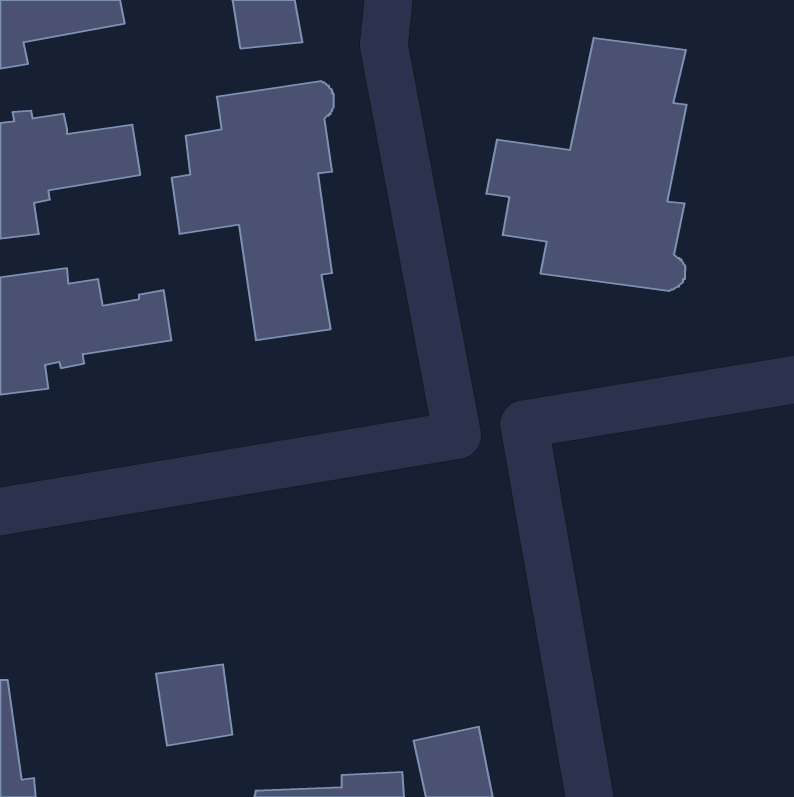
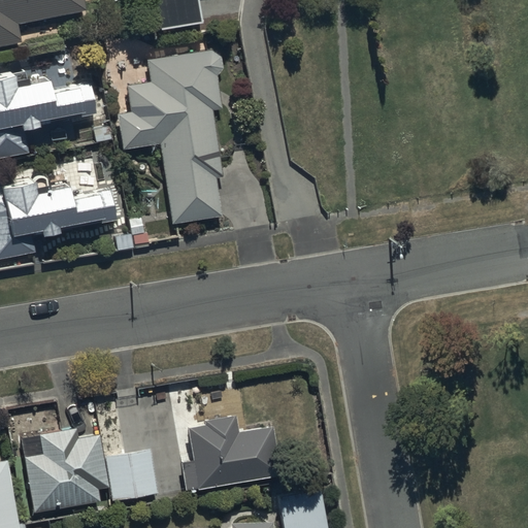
building: [486,38,687,291] -> none
building: none -> [180,404,279,478]
building: none -> [24,420,106,501]

